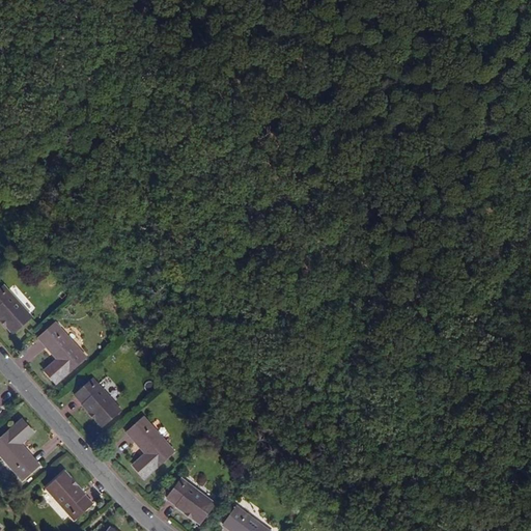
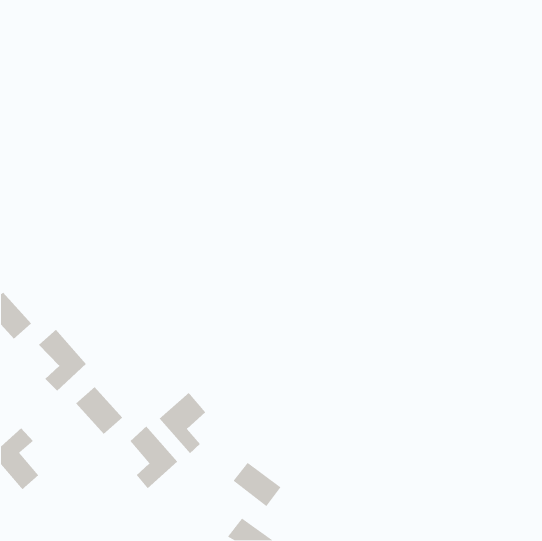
building: none -> [158,392,206,454]
building: [46,472,91,520] -> none
building: [166,478,214,523] -> [233,462,281,507]

